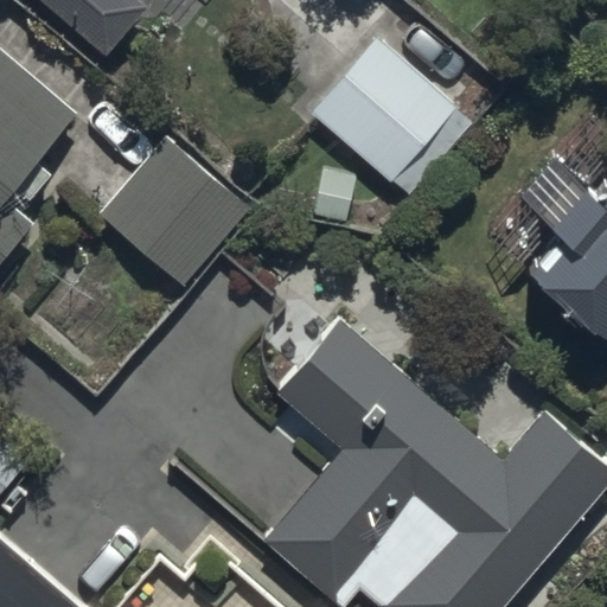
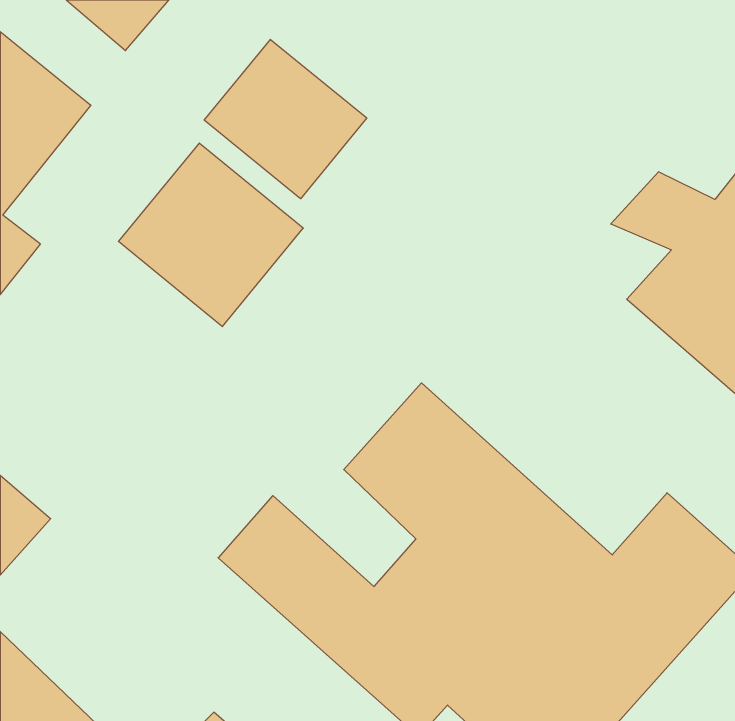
building: [308,39,472,197] -> none
building: none -> [204,39,367,199]

